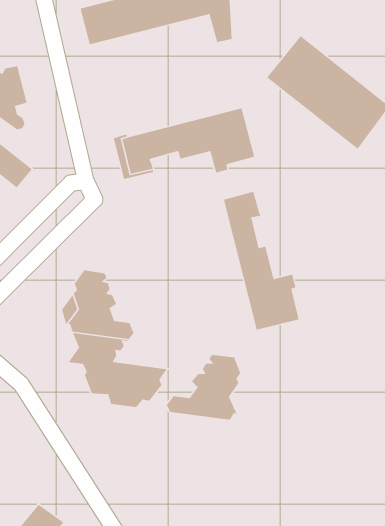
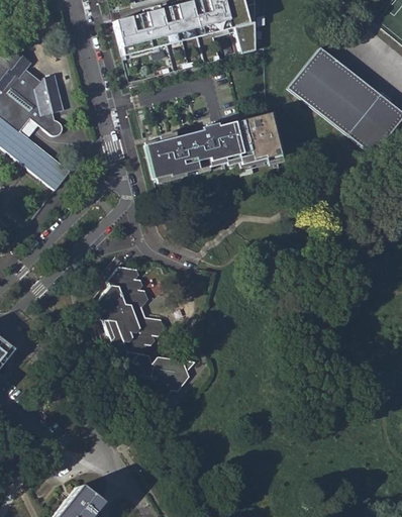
building: none -> [181,156,237,174]
building: [223,191,299,331] -> none
building: [166,354,241,420] -> none

